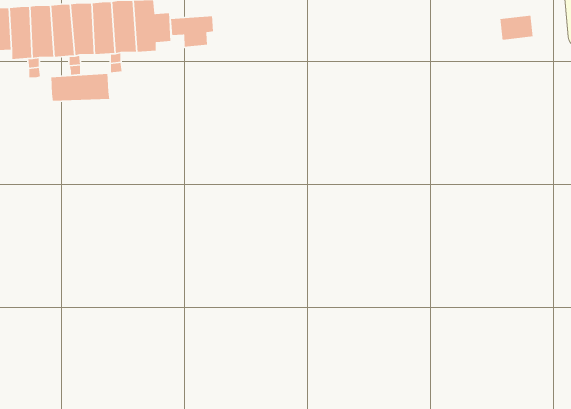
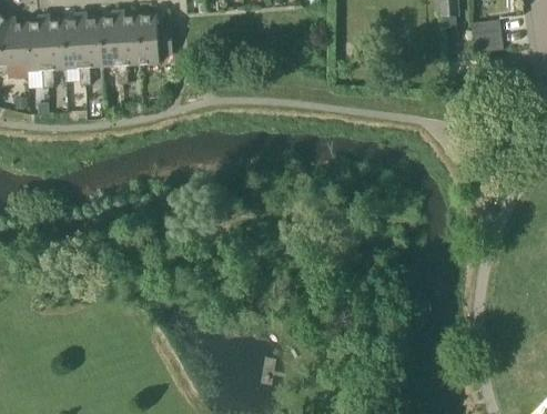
building: [170,15,214,47] -> none
building: [50,73,110,102] -> none

